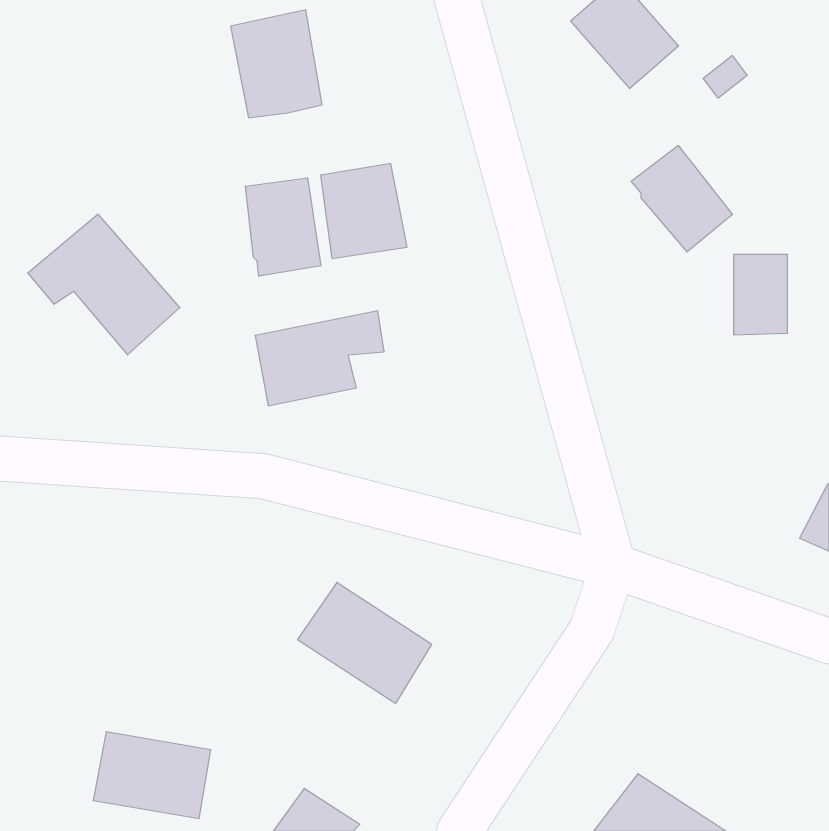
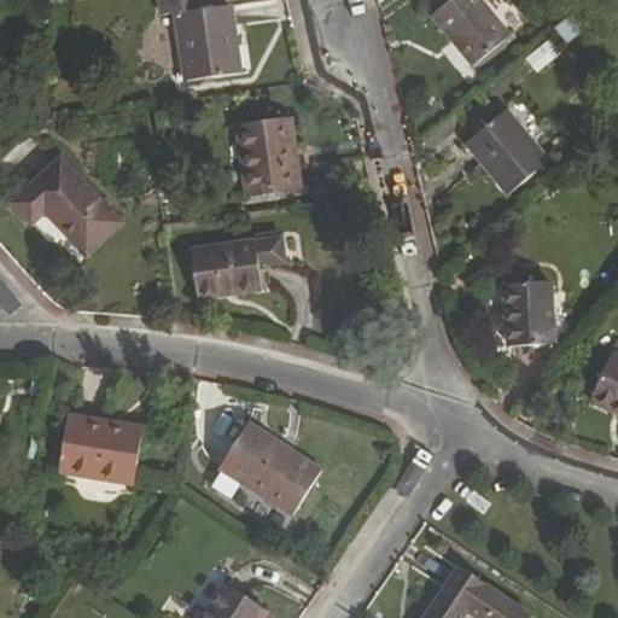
building: [246,178,321,276] -> none
building: [734,255,788,335] -> [513,284,553,343]
building: [93,732,211,818] -> [59,419,146,483]

